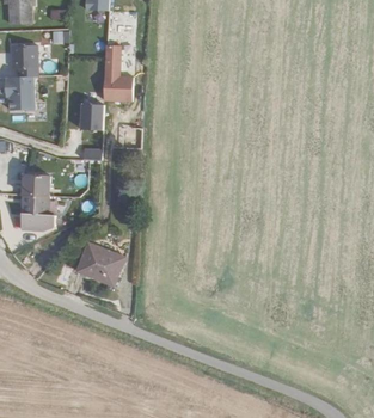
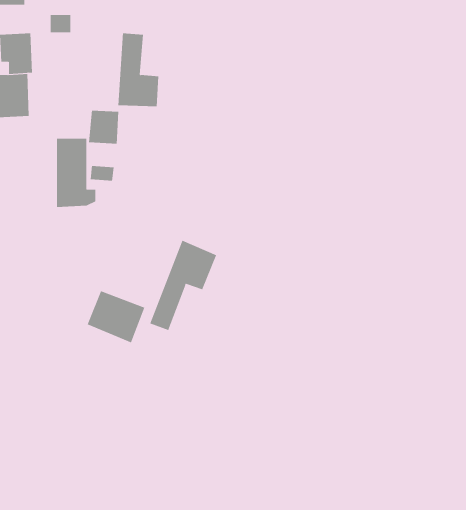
building: [22,174,53,228] -> [56,138,96,208]
building: none -> [149,240,217,331]

